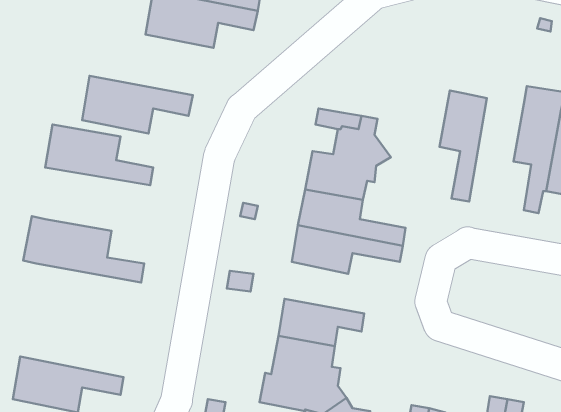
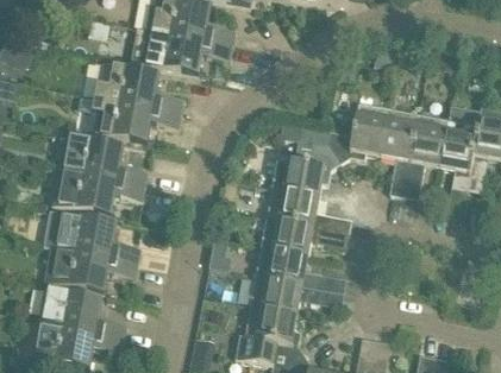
building: none -> [98,63,184,112]
building: none -> [327,102,388,162]
building: none -> [403,114,447,200]
building: none -> [56,170,146,214]
building: none -> [255,246,322,287]
building: none -> [49,247,139,291]
building: none -> [42,287,127,339]

